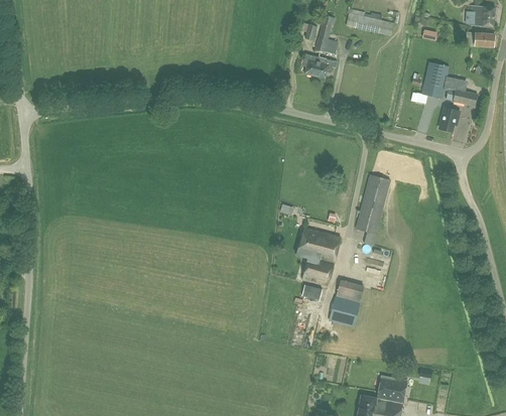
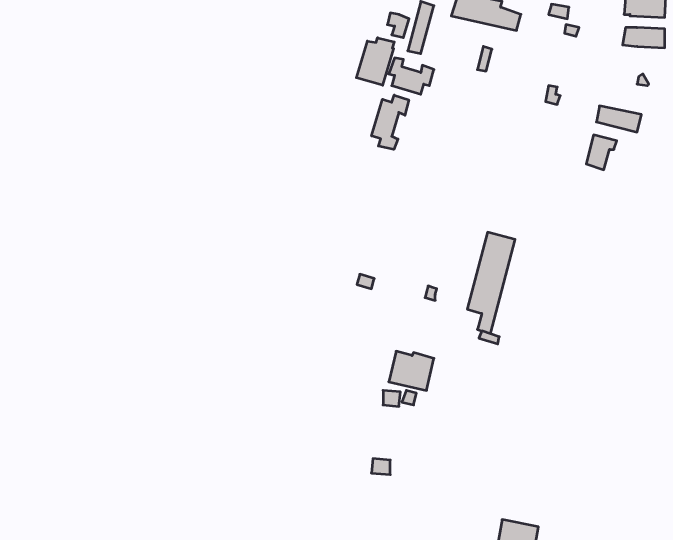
building: none -> [356,38,394,85]
building: [422,62,449,99] -> none
building: none -> [372,95,409,149]
building: [296,228,341,263] -> none
building: [330,280,364,326] -> none

